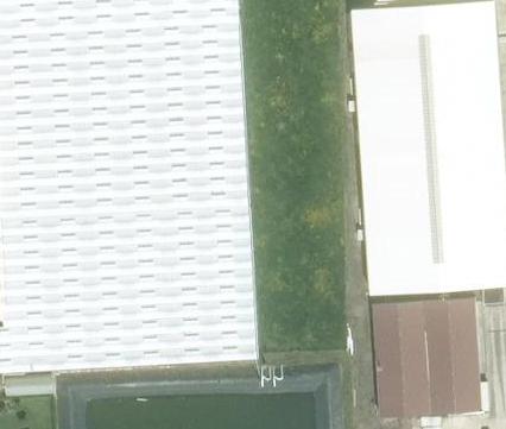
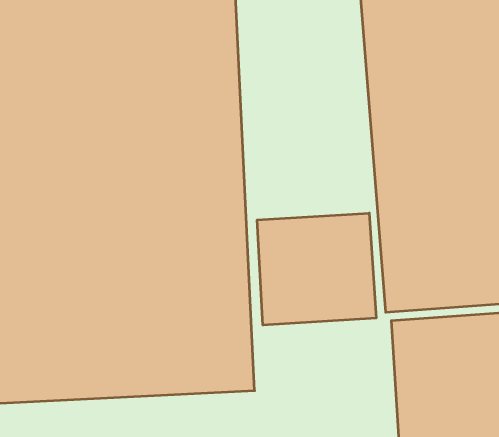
building: none -> [257,213,376,325]

